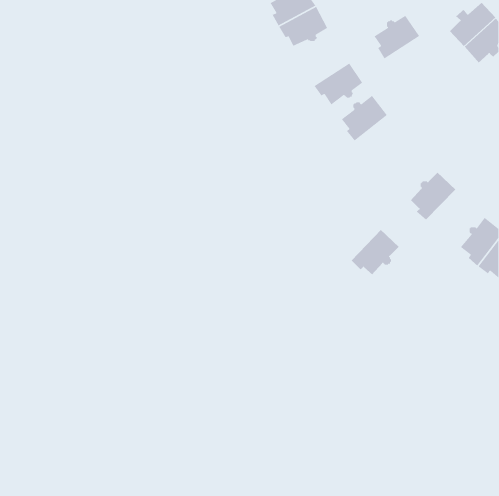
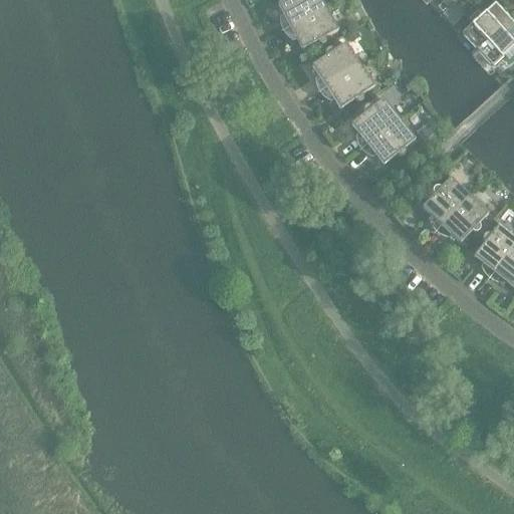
building: [373,15,420,60] -> [311,42,359,88]
building: none -> [364,118,415,164]
building: [351,229,400,275] -> [438,195,488,242]

